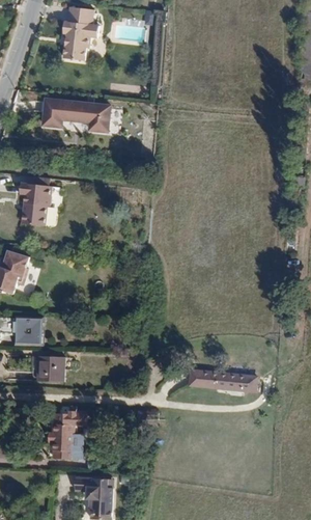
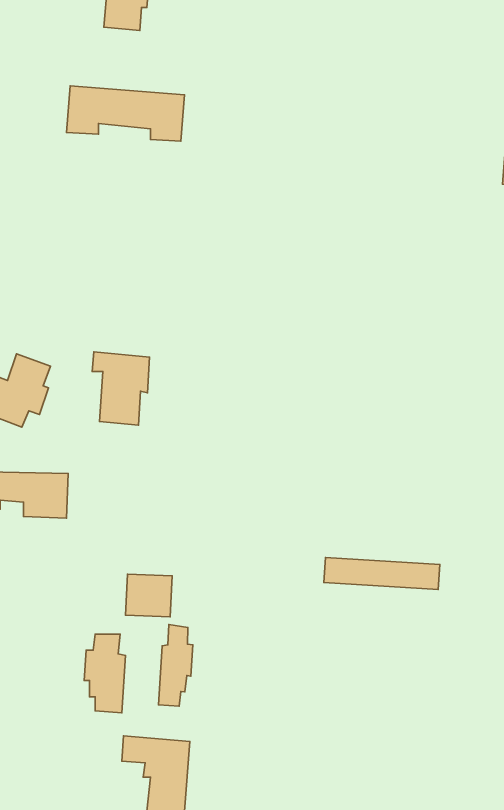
building: [21,183,54,225] -> [92,352,149,425]
building: [38,357,65,382] -> [126,574,172,617]
building: none -> [159,625,193,706]

